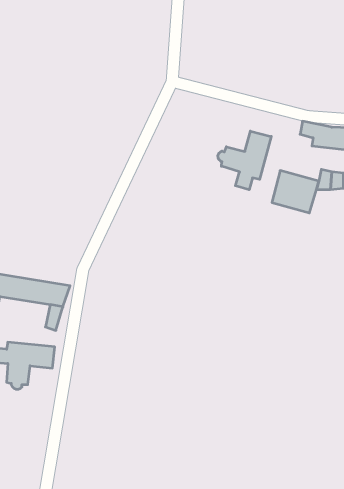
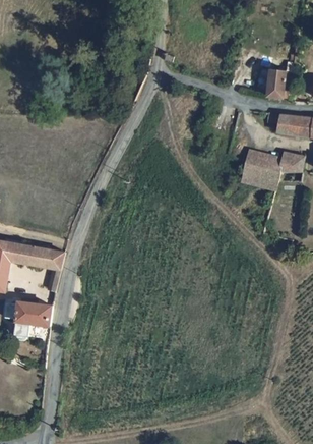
building: none -> [267,60,288,98]
building: [218,131,271,190] -> none

